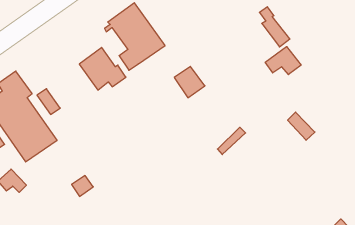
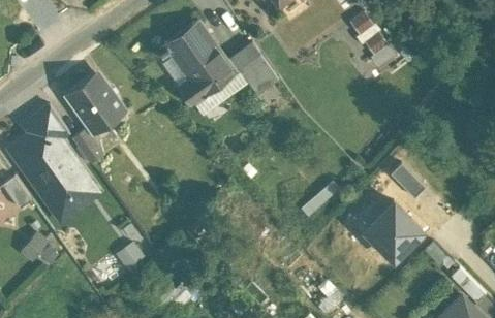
building: [265,47,301,75] -> none
building: [79,47,126,90] -> [66,73,126,128]
building: [174,66,205,98] -> [240,56,279,96]
building: none -> [360,199,425,264]

